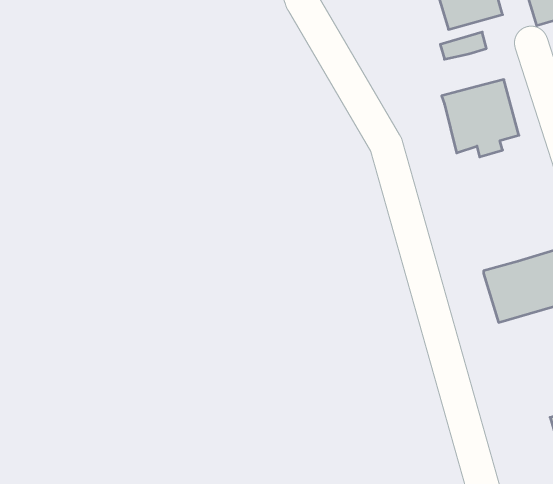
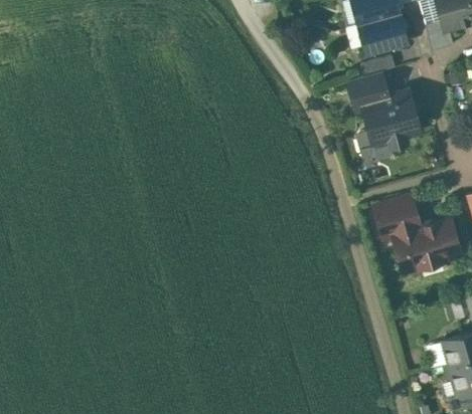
building: none -> [346,72,387,113]
building: none -> [374,197,418,238]

